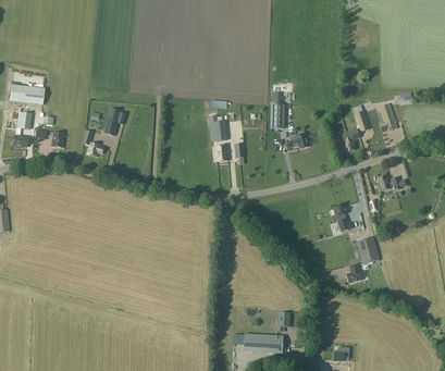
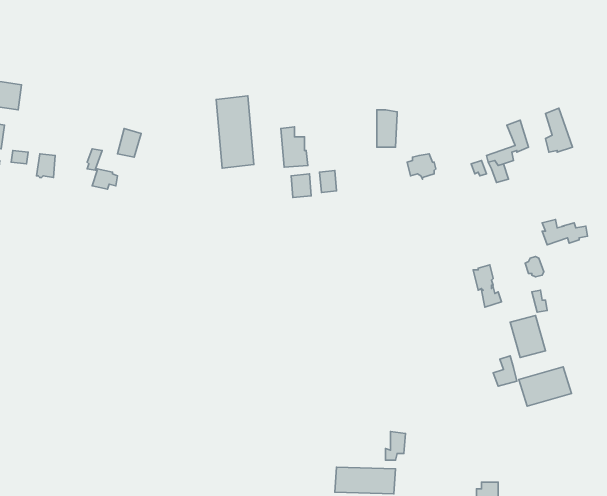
building: none -> [216,96,254,168]
building: none -> [519,367,572,406]

